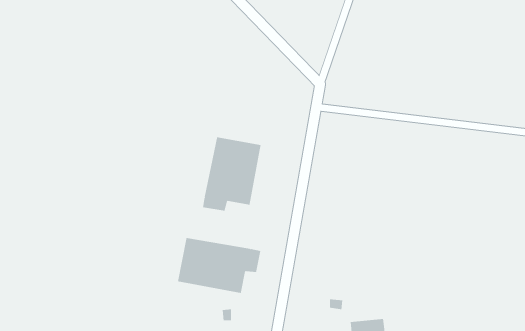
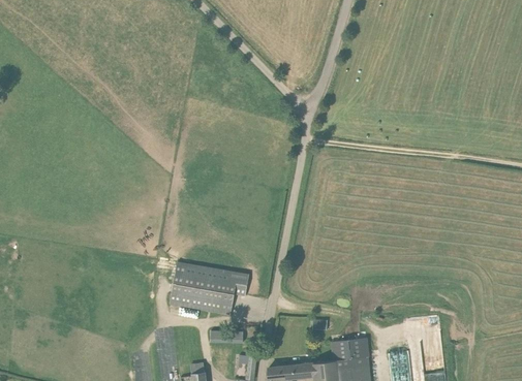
building: [202,137,261,212] -> none

